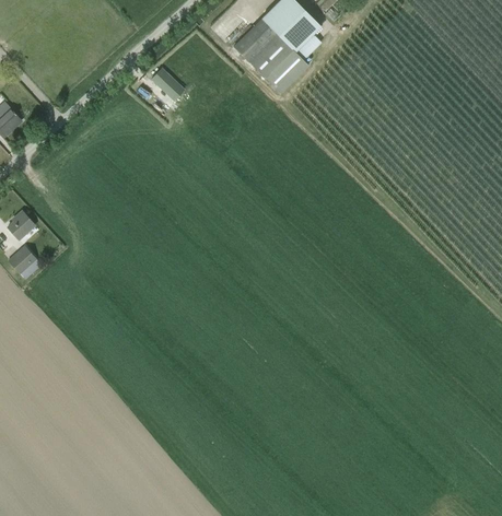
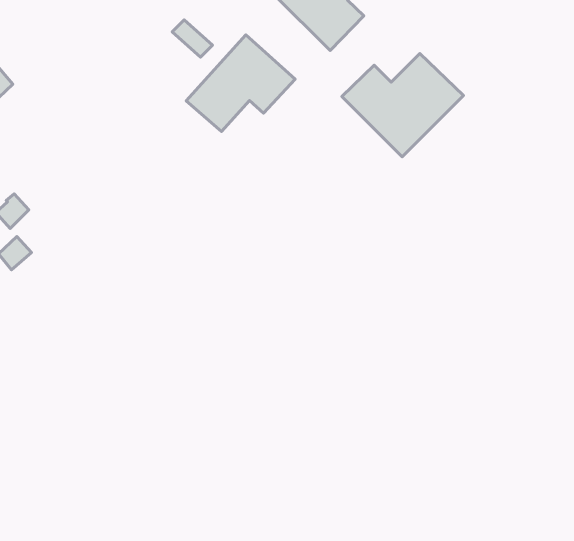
building: none -> [186,35,295,132]
building: none -> [342,53,464,157]

